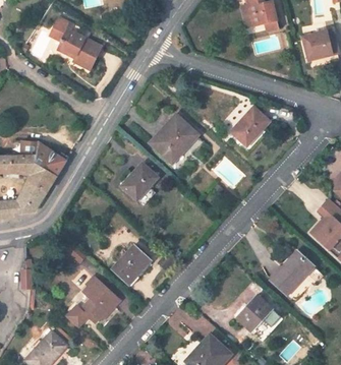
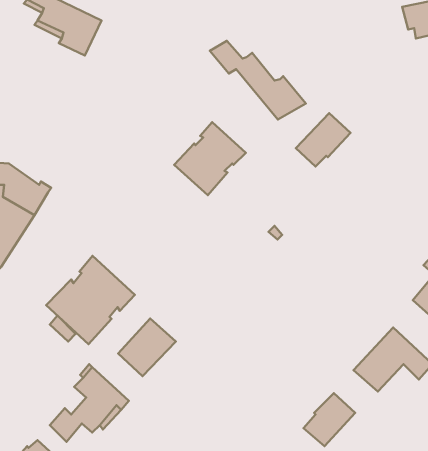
building: none -> [210,41,306,120]
building: [121,163,157,200] -> none
building: none -> [46,256,135,344]

